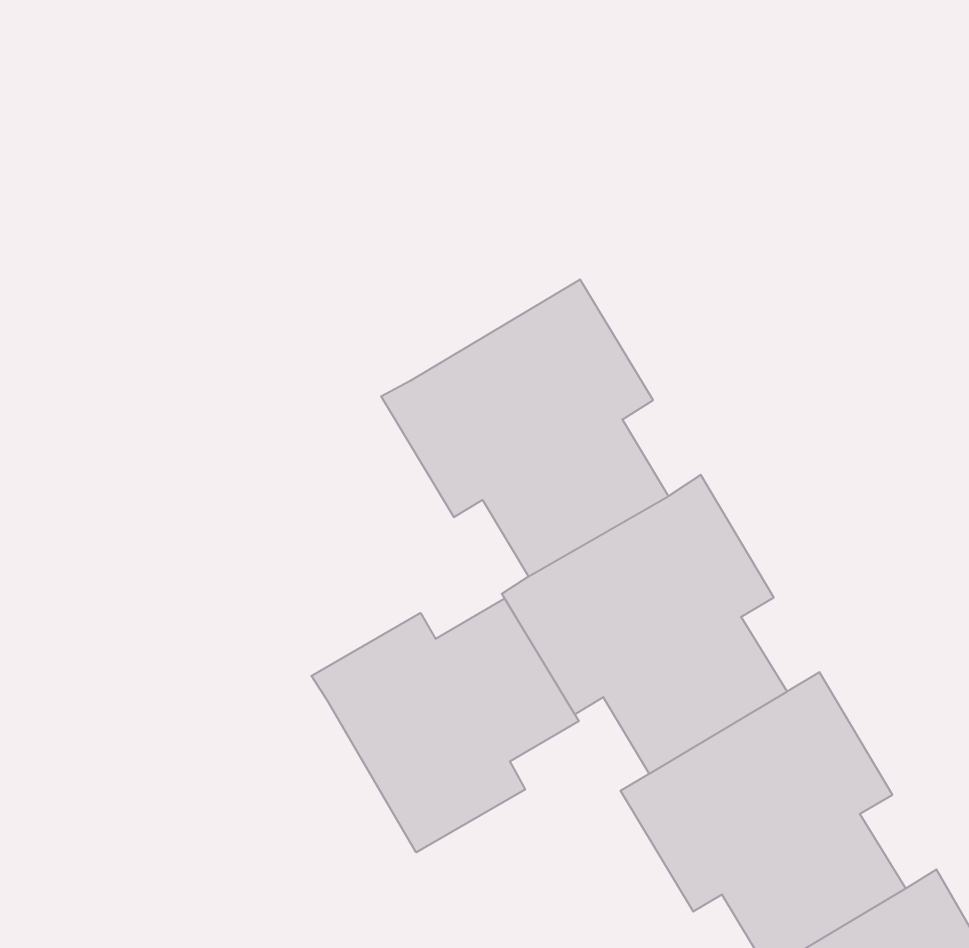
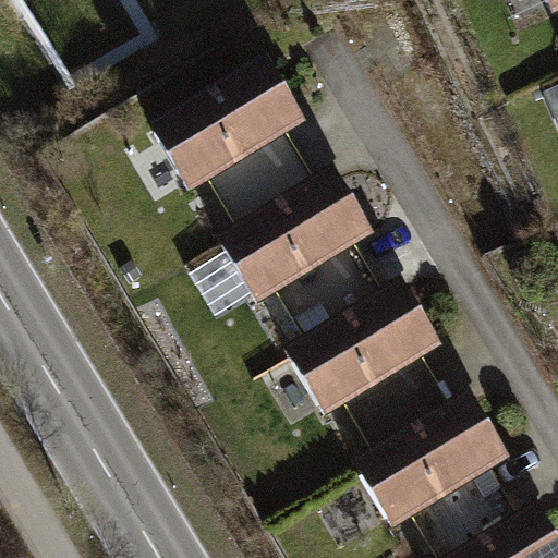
building: none -> [155,64,317,234]
building: [311,599,579,852] -> none

